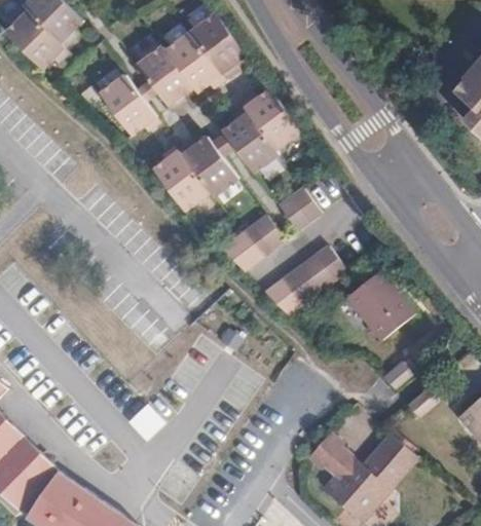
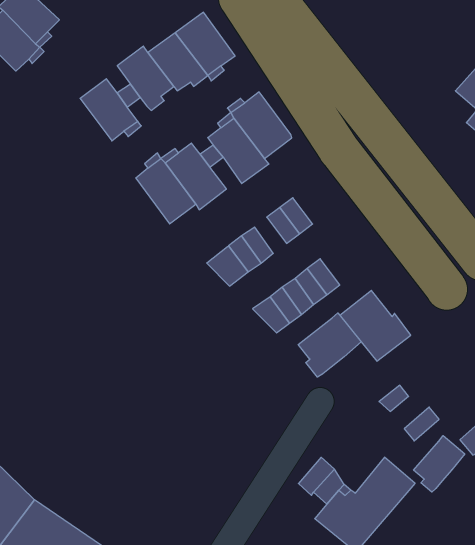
building: none -> [298,313,361,377]
building: none -> [414,436,465,492]

